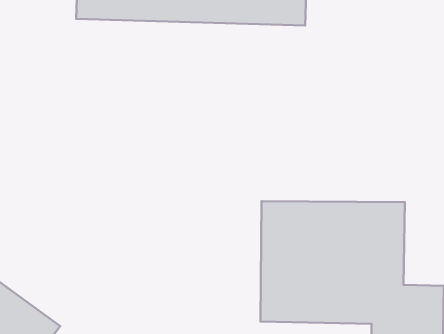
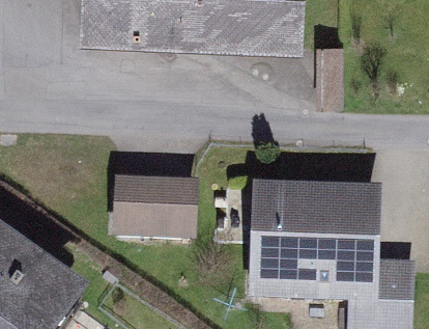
building: none -> [112,183,195,241]

